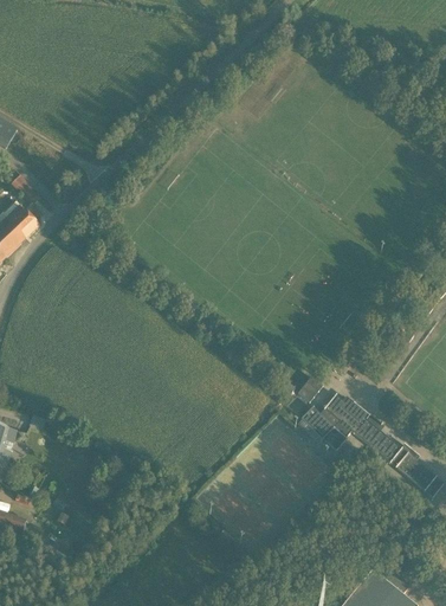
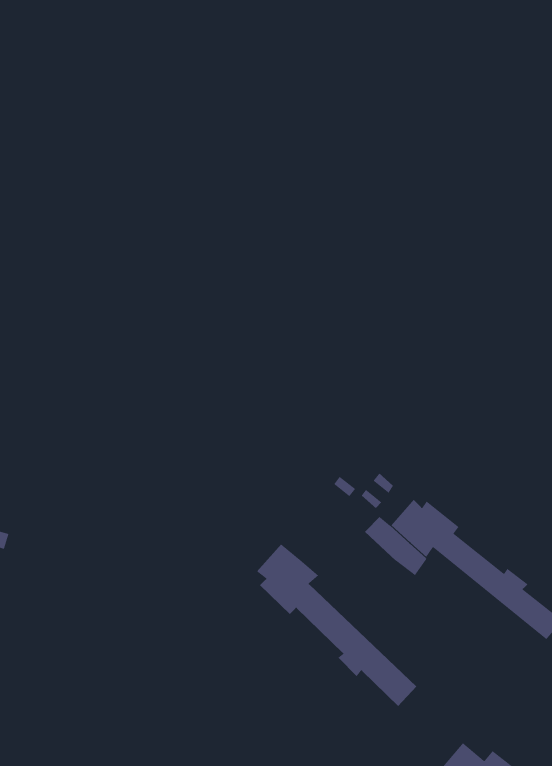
building: none -> [256,543,417,707]

